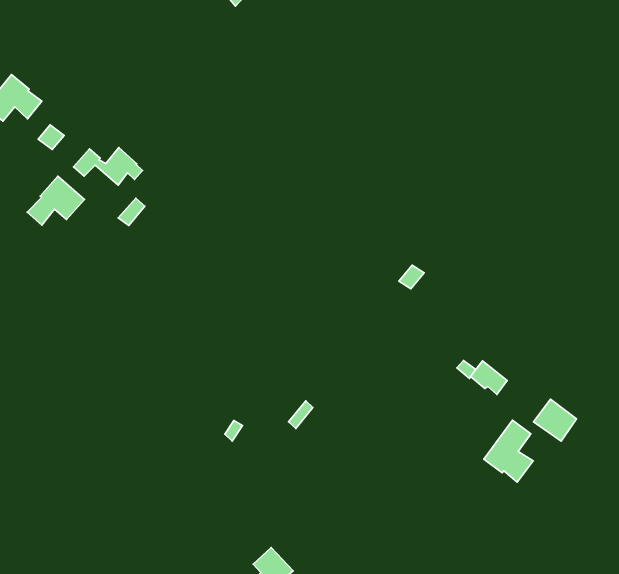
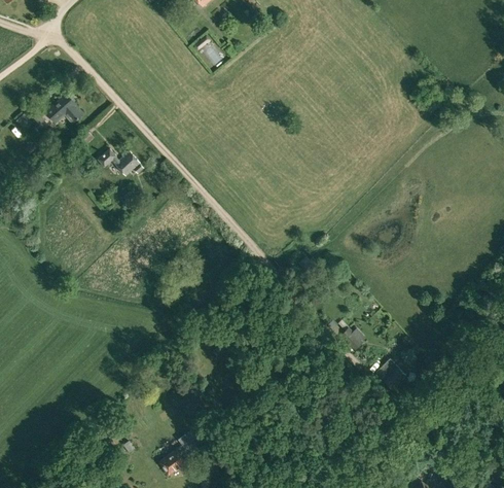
building: [27,176,84,225] -> none
building: [484,420,533,482] -> none

